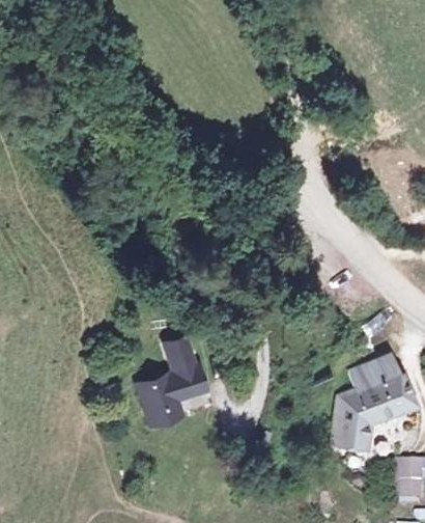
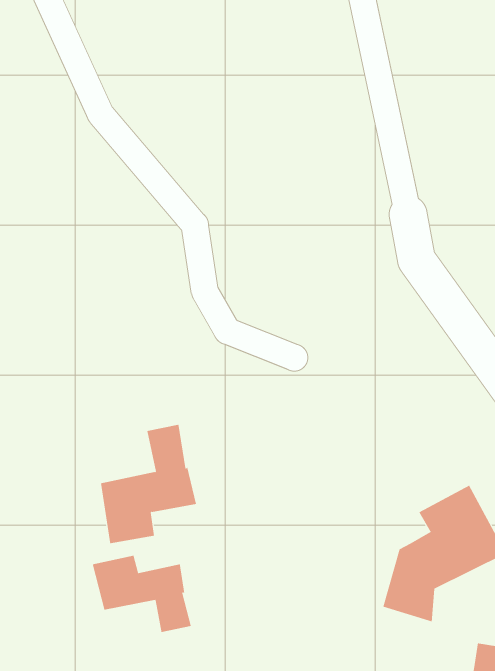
building: none -> [92,555,192,633]

